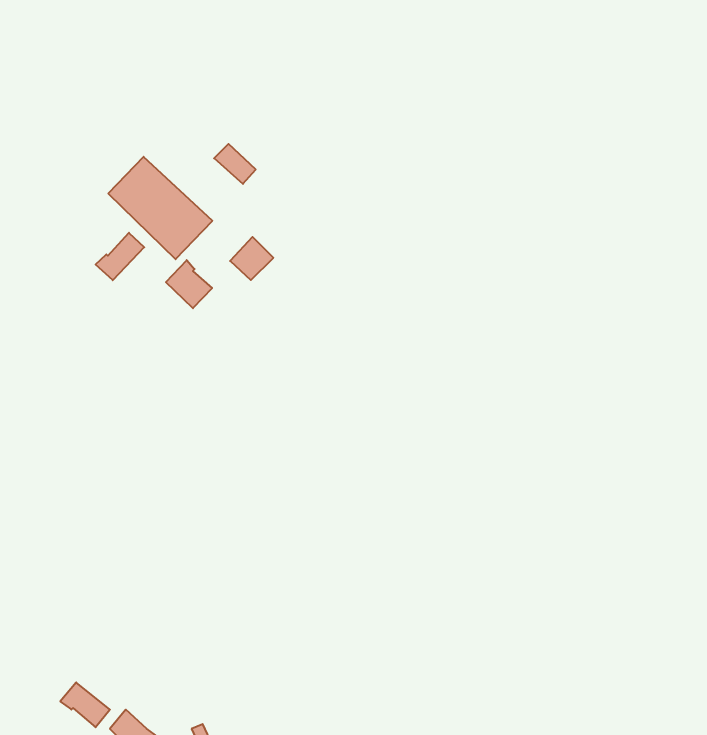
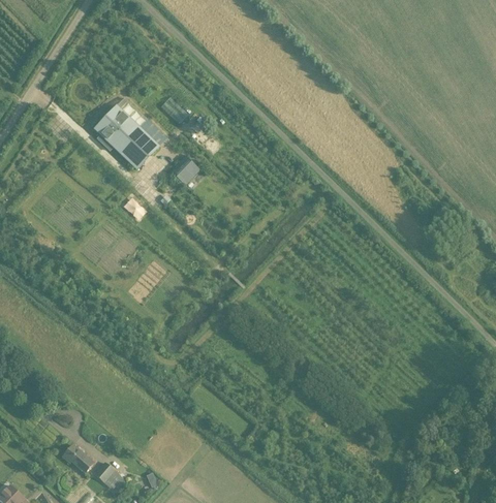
building: [96,233,144,280] -> none
building: [166,260,212,308] -> none

